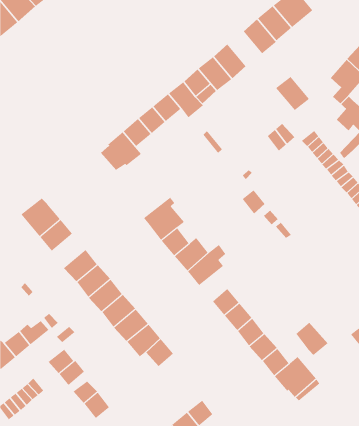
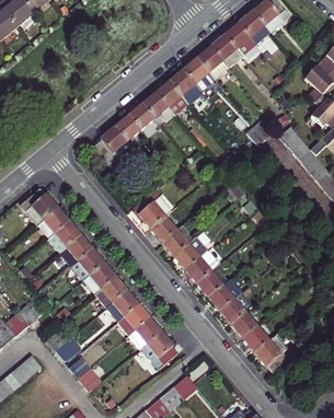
building: [275,76,310,111] -> [211,35,243,67]
building: none -> [49,221,81,253]
building: none -> [185,251,220,283]
building: [295,322,328,356] -> none
building: none -> [142,332,178,369]

